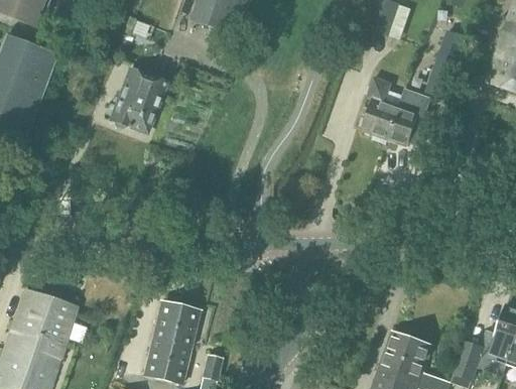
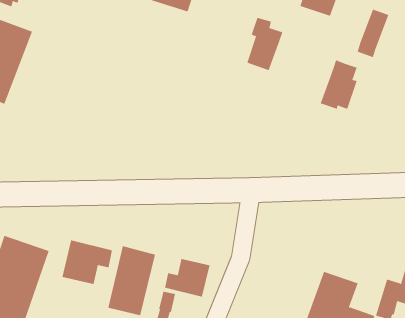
building: [110,67,166,132] -> none
building: [362,77,404,138] -> [246,17,283,71]
building: none -> [62,240,112,285]
building: none -> [165,258,210,298]

